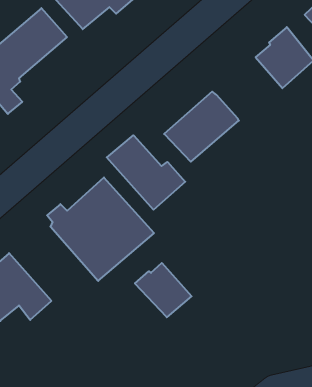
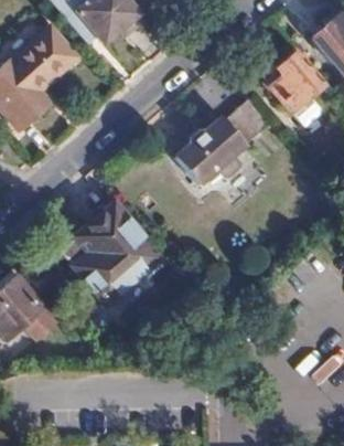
building: none -> [226,93,271,139]
building: [107,135,185,210] -> none
building: [135,263,192,317] -> none

